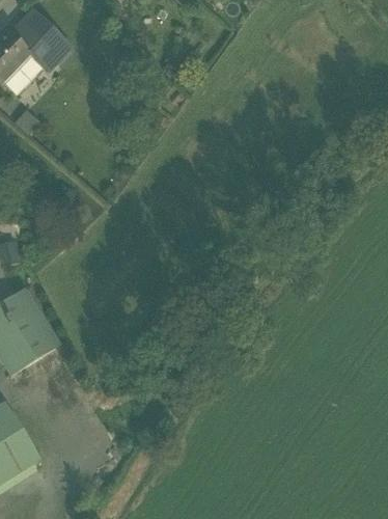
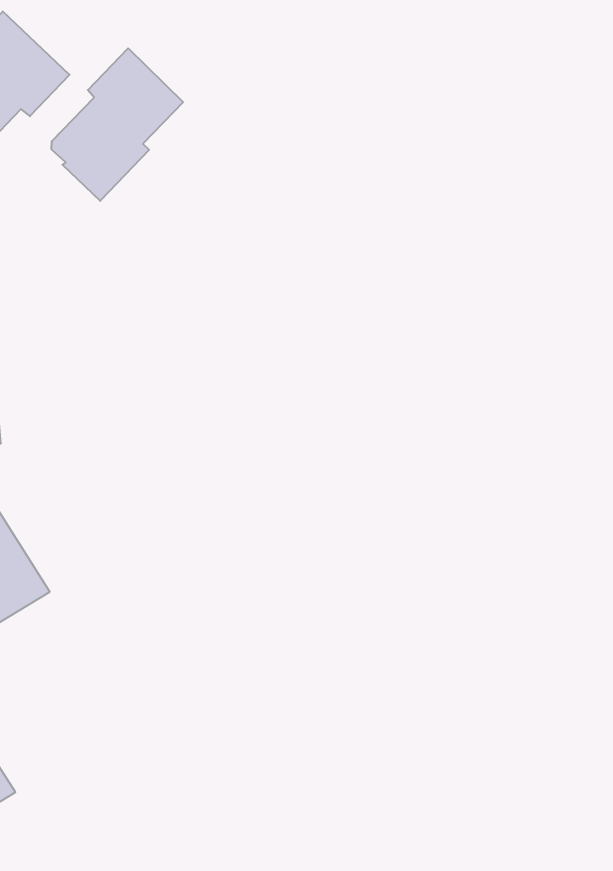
building: none -> [52,48,183,201]

